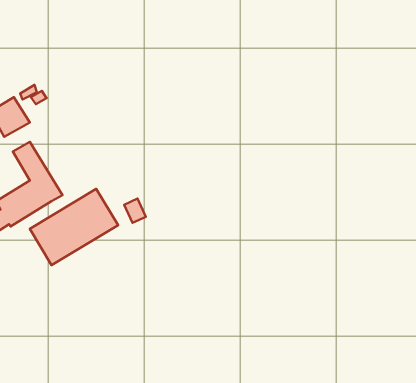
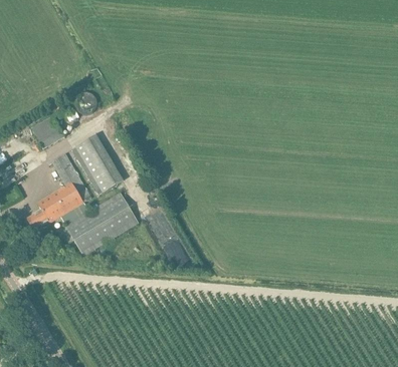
building: none -> [74,91,97,114]
building: none -> [71,134,124,195]

